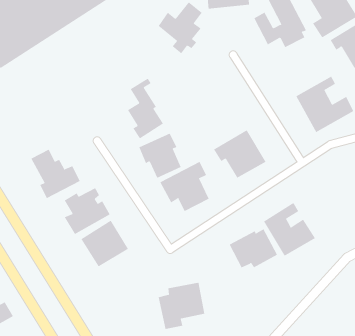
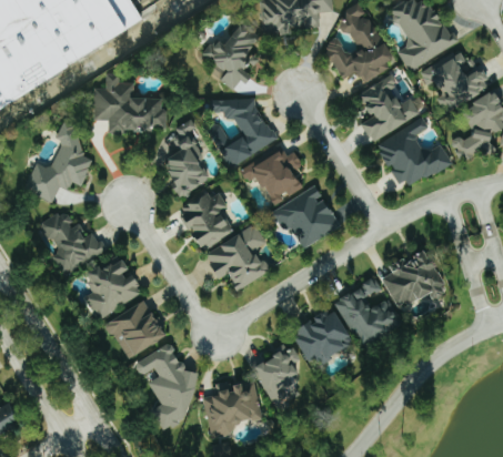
building: none -> [91,73,164,130]
building: none -> [359,74,420,141]
building: none -> [212,99,275,164]
building: none -> [23,120,93,202]
building: none -> [241,149,301,205]
building: none -> [383,248,445,309]
building: none -> [254,342,300,405]
building: none -> [132,343,198,430]

